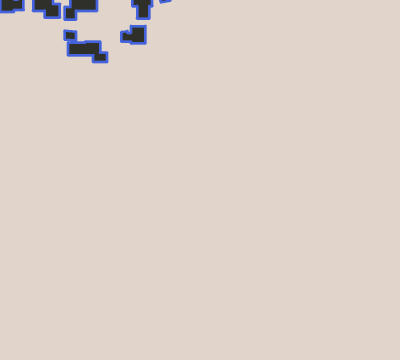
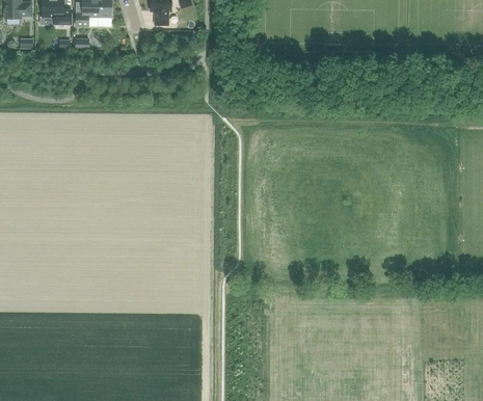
building: [122,26,145,43] -> none
building: [68,42,107,62] -> none

